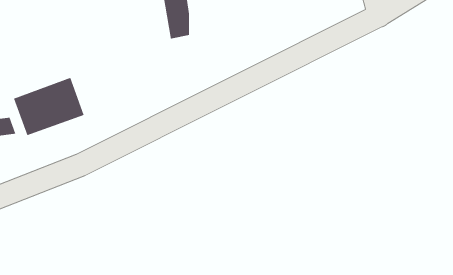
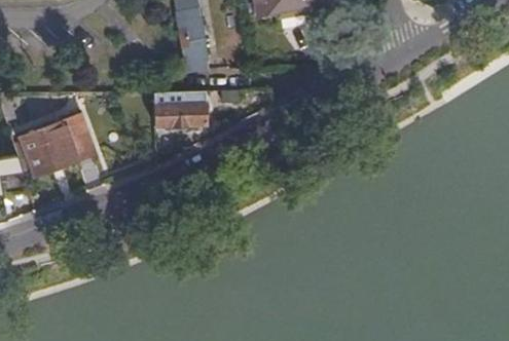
building: none -> [153,91,206,126]

